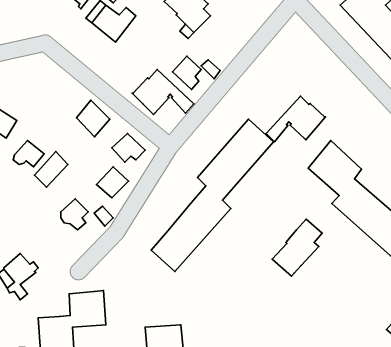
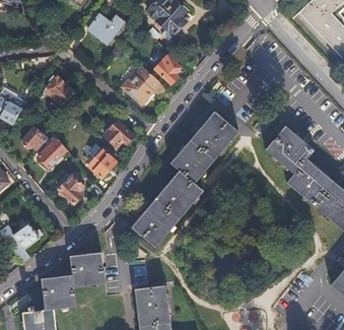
building: [266,96,326,142] -> none
building: [77,100,110,137] -> [46,74,74,106]
building: [272,219,322,276] -> none

